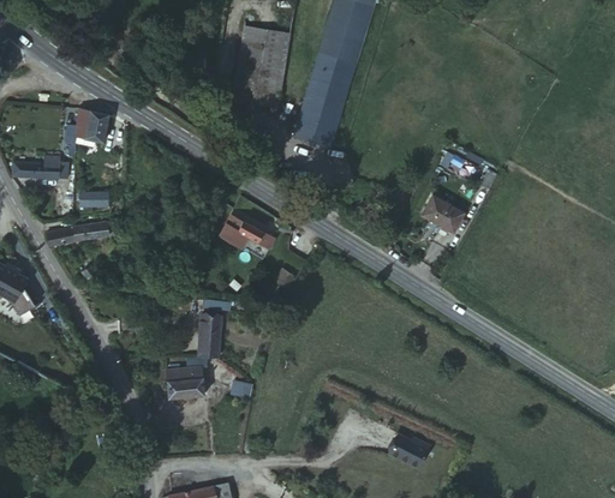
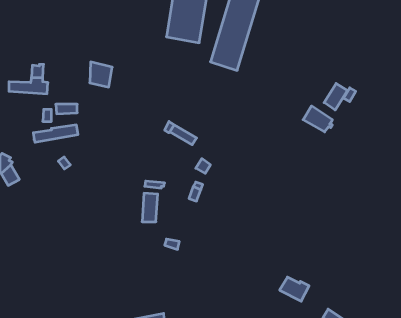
building: [77,109,108,144] -> [90,62,112,87]
building: none -> [324,83,347,110]
building: [166,360,205,400] -> none

